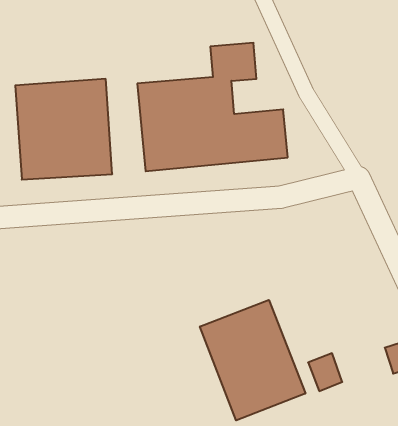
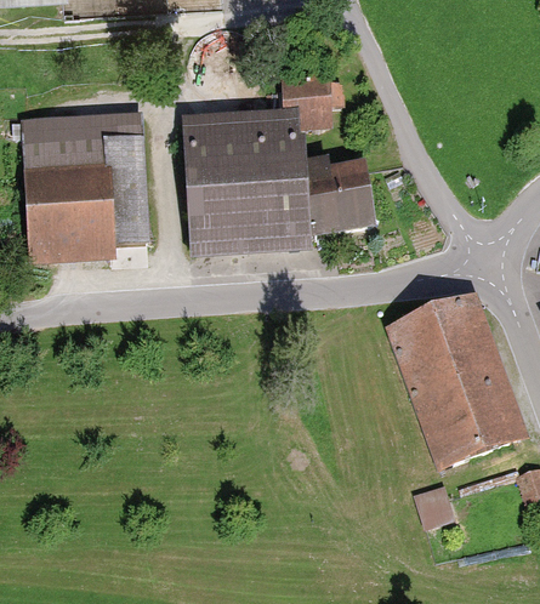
building: none -> [377,291,521,468]
building: [200,300,305,420] -> none

